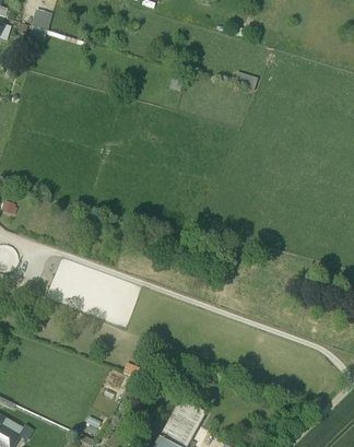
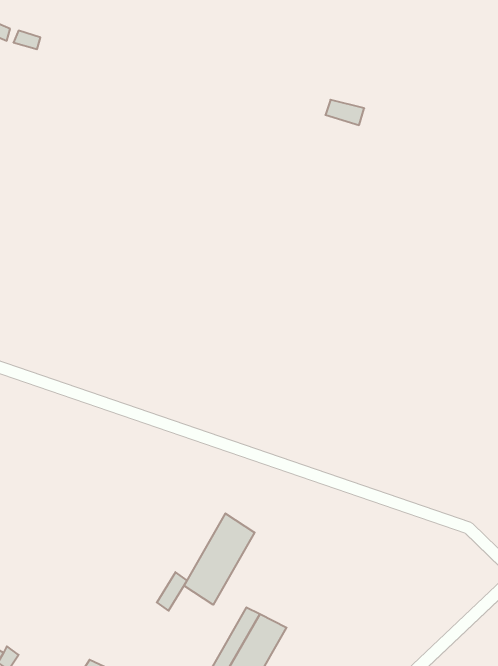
building: none -> [184,513,255,605]

